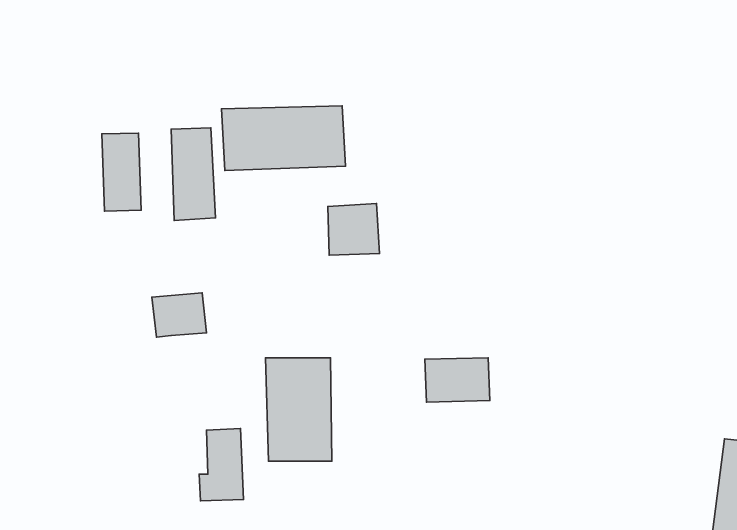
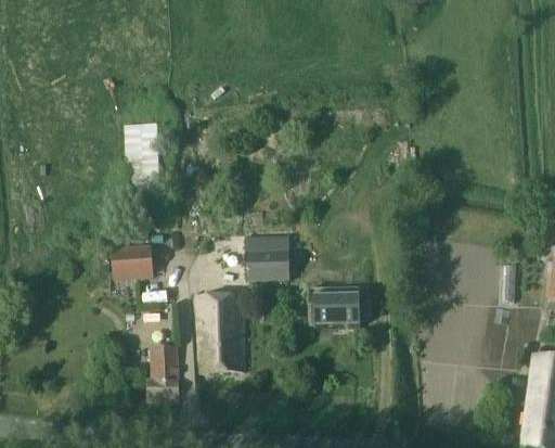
building: [221,106,345,171] -> none
building: [102,133,141,211] -> none
building: [328,203,379,255] -> [249,236,287,274]

